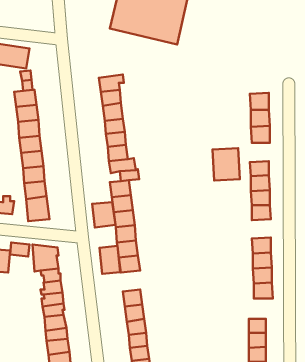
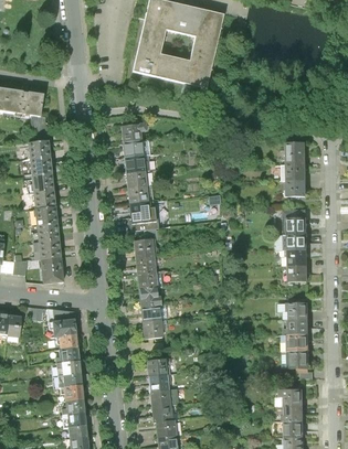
building: [212,148,240,181] -> none
building: [92,202,116,228] -> none
building: [99,246,120,274] -> none

